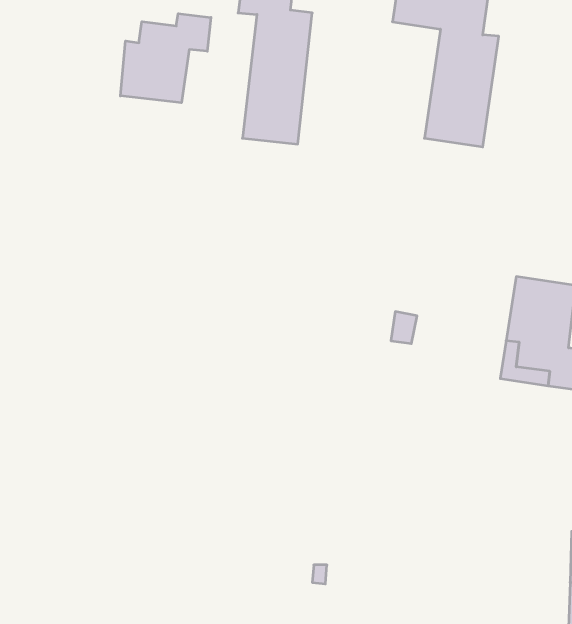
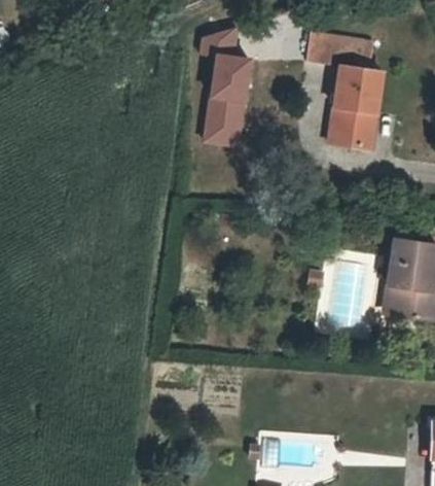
building: [120,14,211,103] -> none

